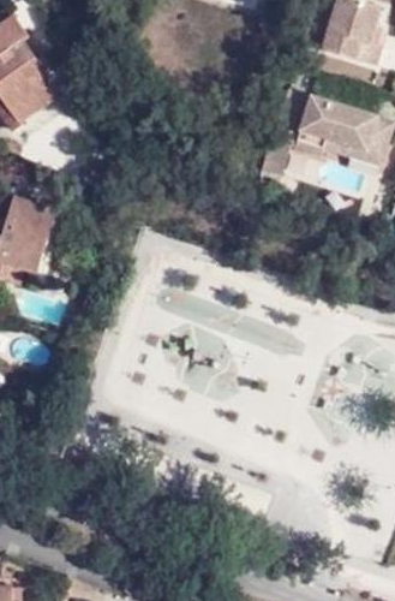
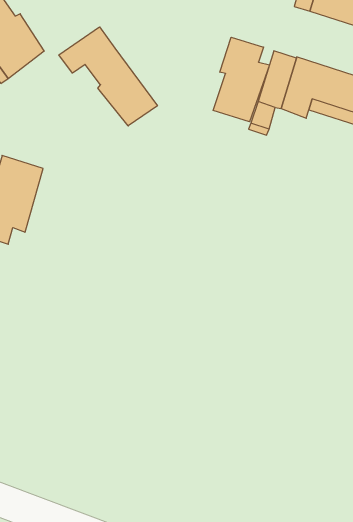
building: none -> [59,27,157,126]
building: none -> [213,37,270,122]

